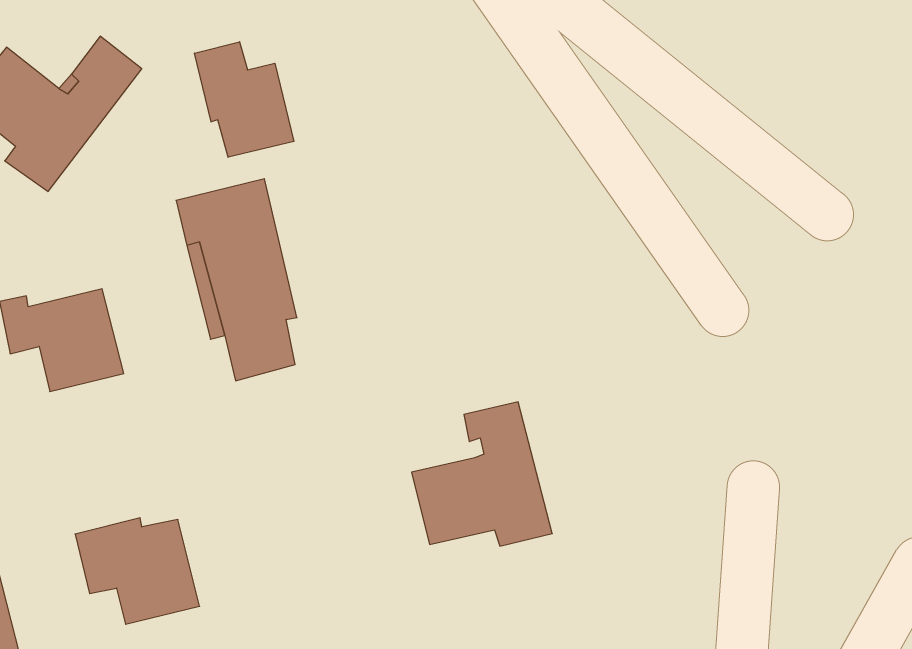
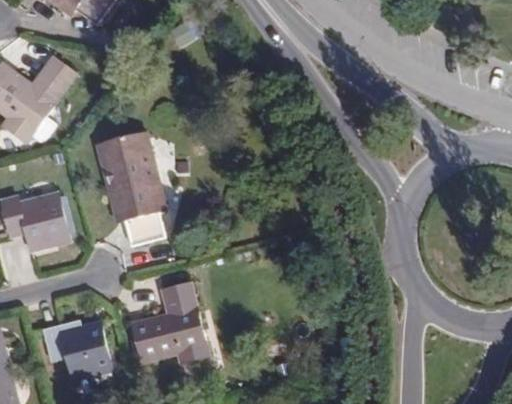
building: [195,42,294,157] -> none
building: [412,402,552,546] -> [132,282,210,362]

